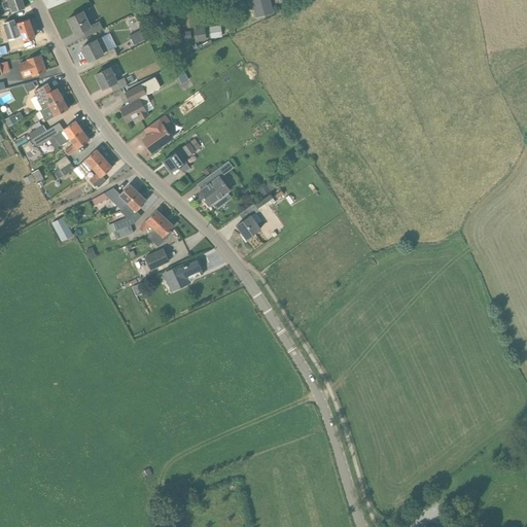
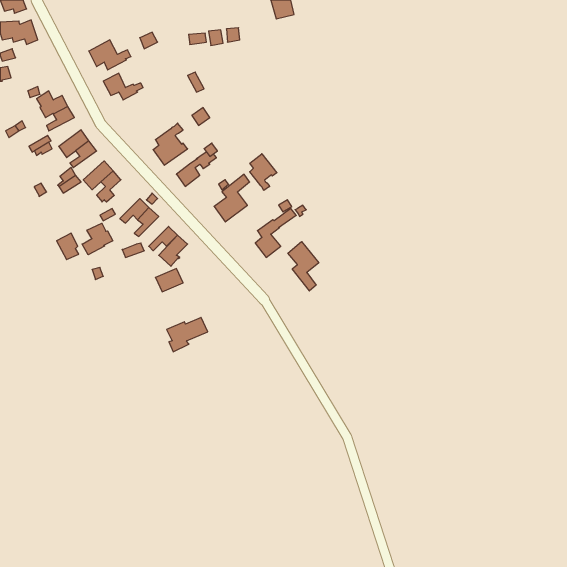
building: [68,11,103,37] -> none
building: [19,56,46,78] -> none
building: [120,84,148,122] -> none
building: none -> [250,154,277,190]
building: none -> [82,223,113,255]
building: none -> [288,242,319,291]
building: [166,260,204,292] -> [167,317,208,352]

